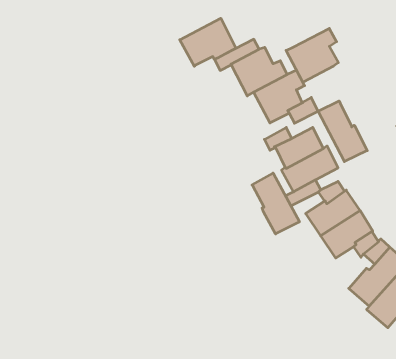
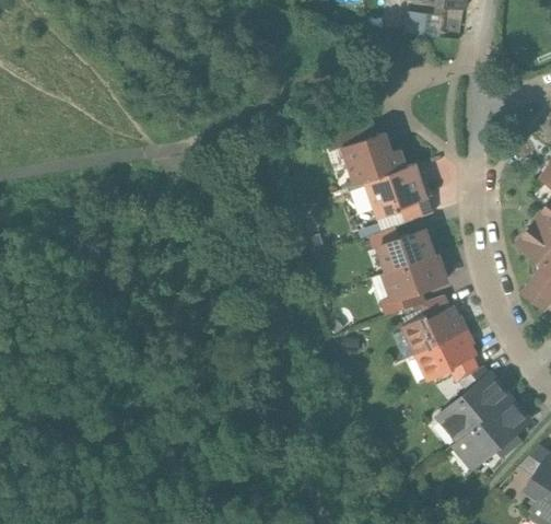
building: [180,18,236,66] -> none
building: [286,28,338,82] -> none
building: [318,101,367,162] -> none
building: [252,173,299,234] -> none

